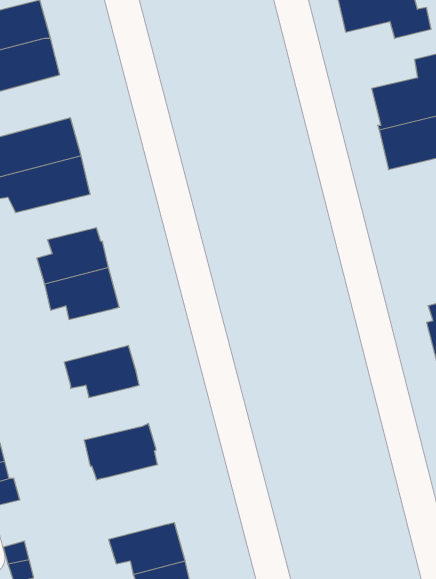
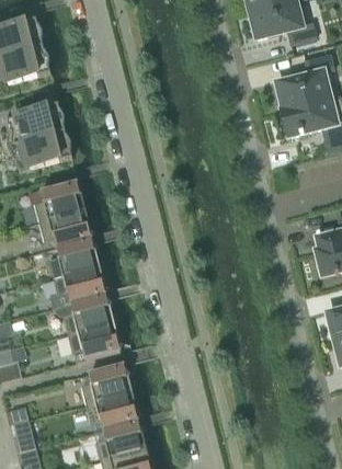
building: none -> [48,237,100,276]
building: none -> [64,293,114,332]
building: none -> [81,362,133,403]

